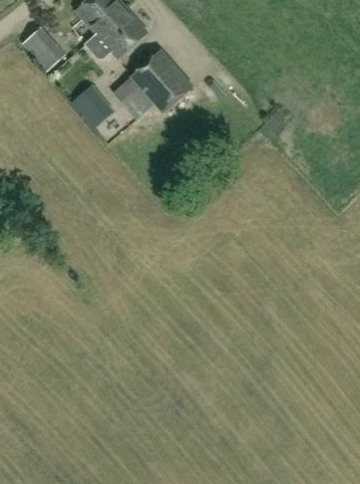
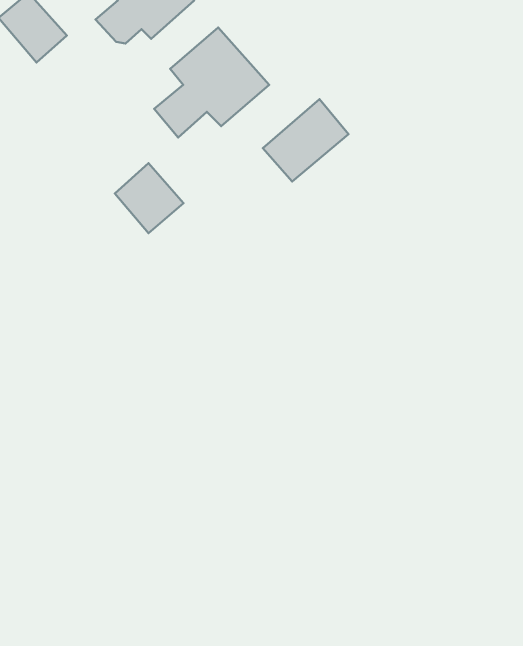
building: [71,83,114,128] -> [115,163,183,233]
building: none -> [263,99,348,181]

